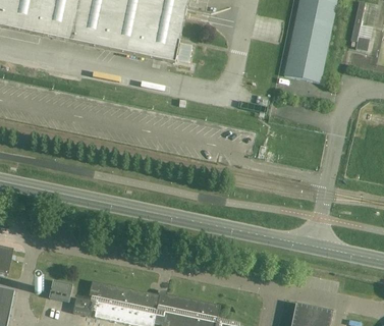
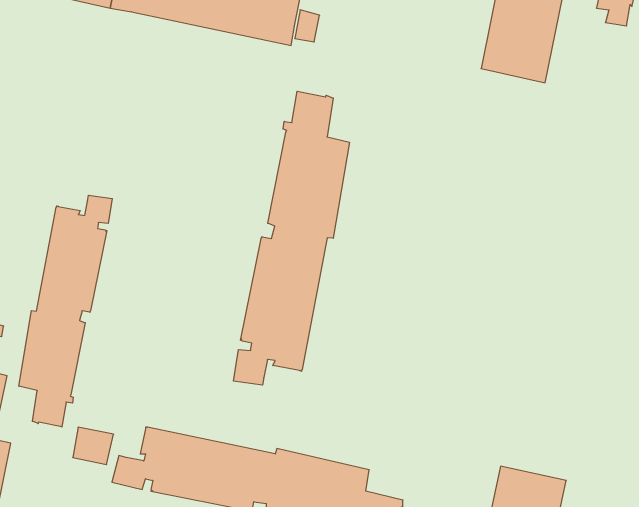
building: none -> [234,91,349,385]
building: none -> [19,195,112,427]

